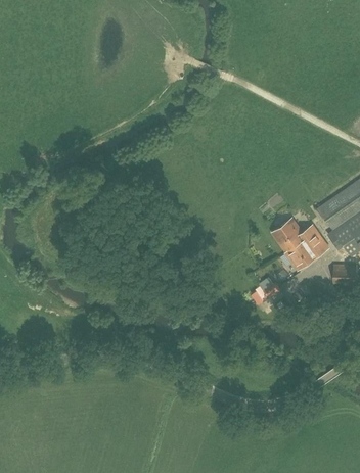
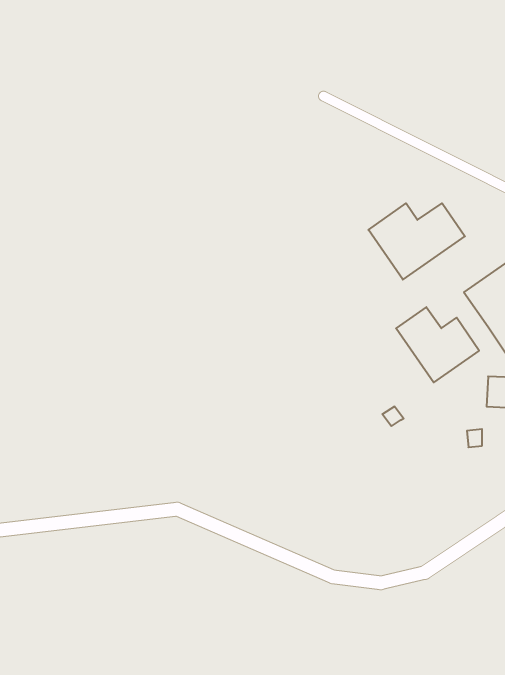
building: none -> [368,203,465,280]

